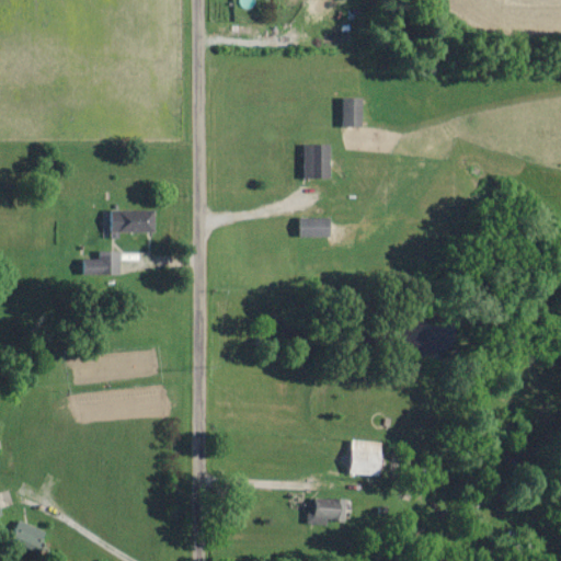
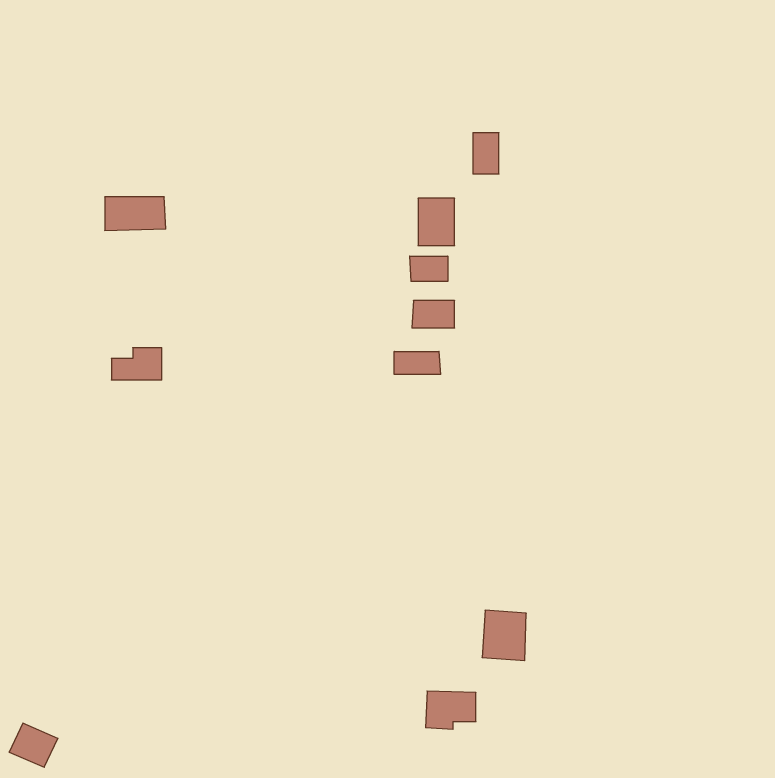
building: none -> [410,256,448,281]
building: [111,209,154,233] -> [105,197,166,230]
building: none -> [394,351,441,374]

